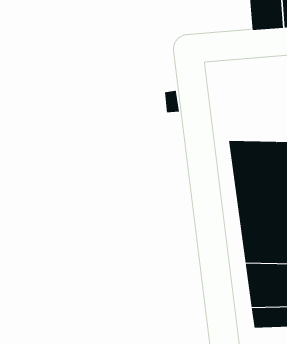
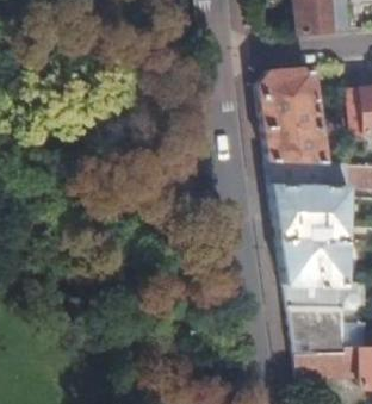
building: none -> [258,70,324,164]

